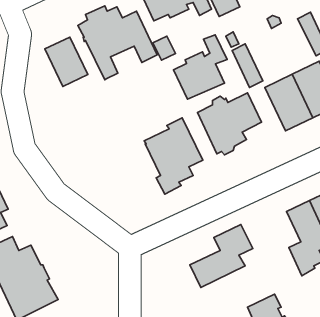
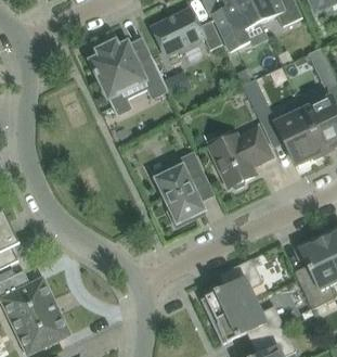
building: [174,35,227,99] -> none
building: [45,37,88,86] -> none
building: none -> [211,299,285,344]

